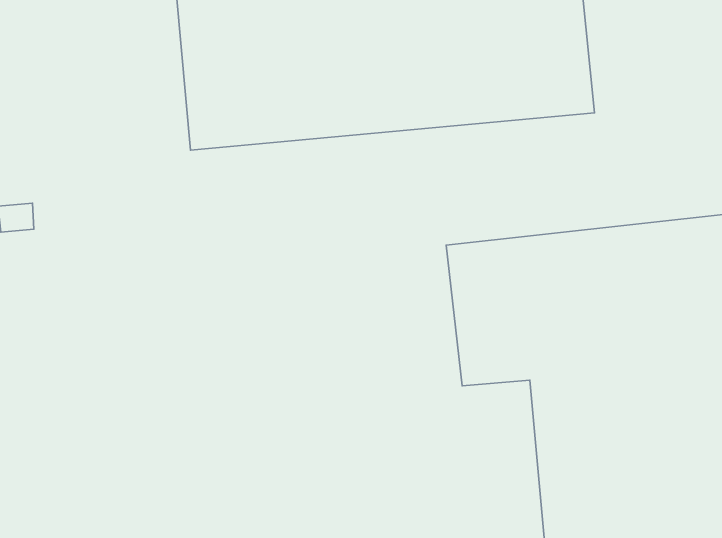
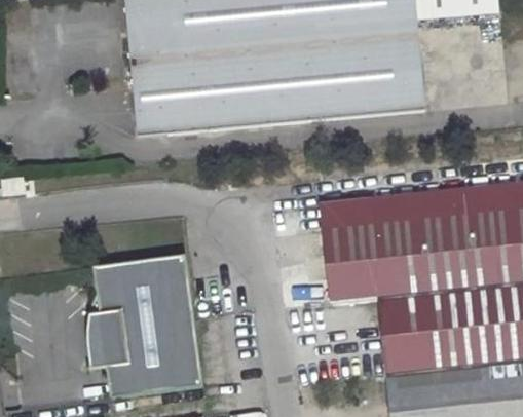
building: none -> [86,253,202,396]

